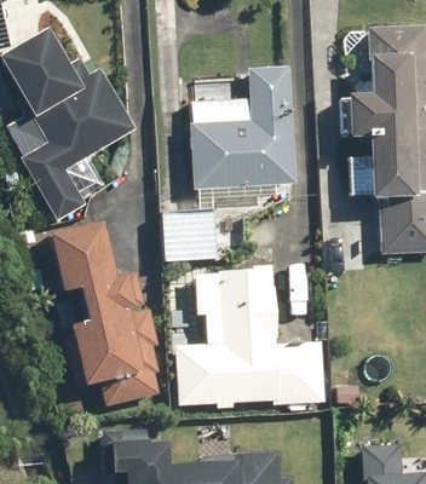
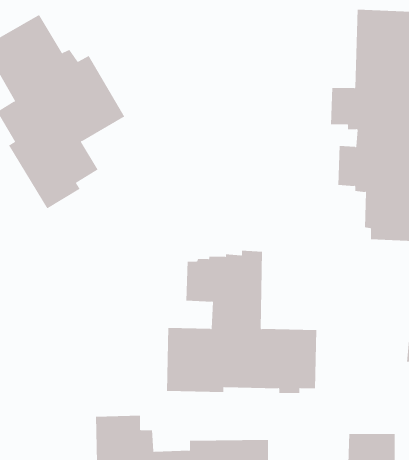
building: [165,67,293,260] -> none
building: [42,220,167,411] -> none

